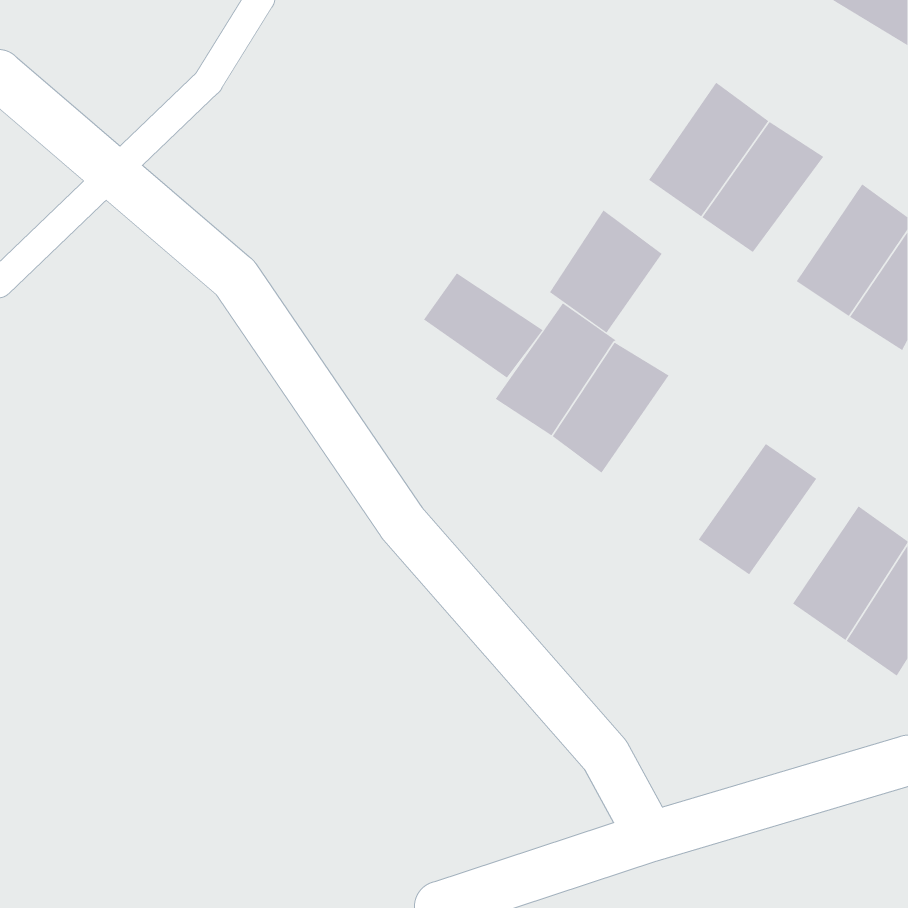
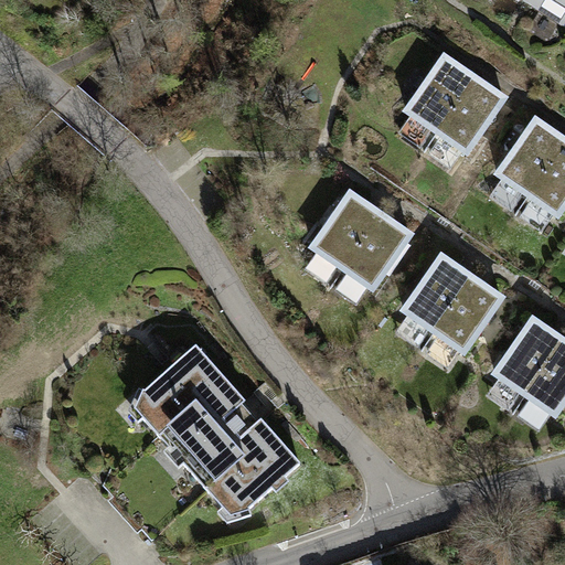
building: [549,209,663,333] -> none
building: [423,273,543,378] -> none
building: none -> [398,252,475,334]
building: none -> [136,345,299,514]

